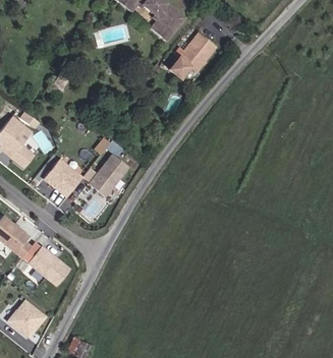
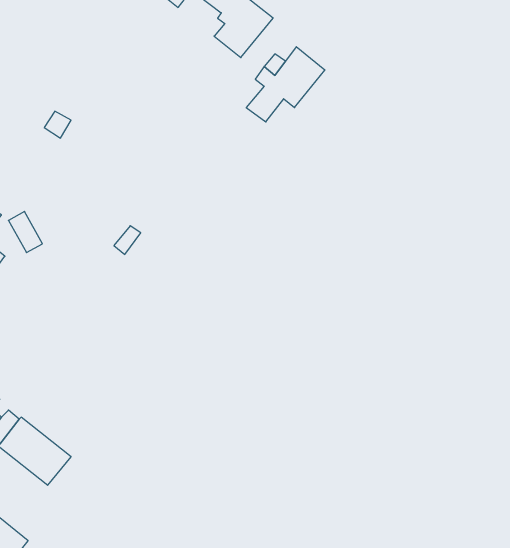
building: [89,154,127,195] -> none
building: [44,159,81,196] -> none

